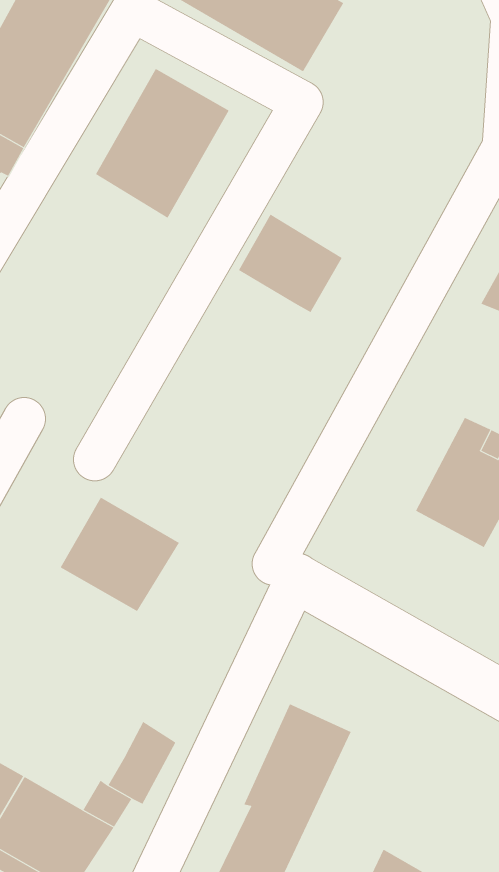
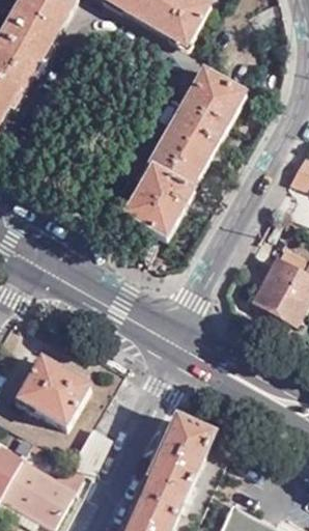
building: [95,68,230,218] -> [166,67,245,156]
building: none -> [124,163,194,236]
building: [60,497,180,612] -> [21,361,91,428]

